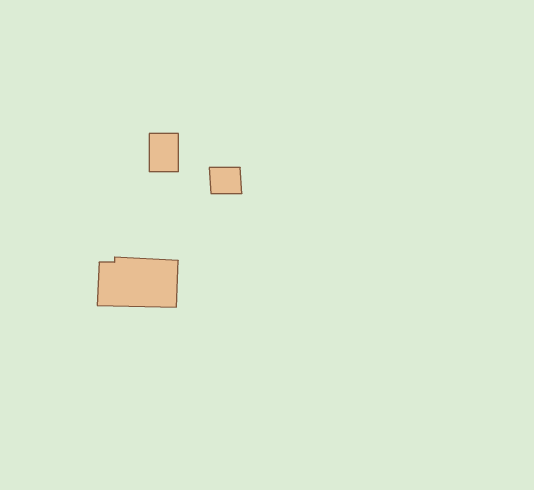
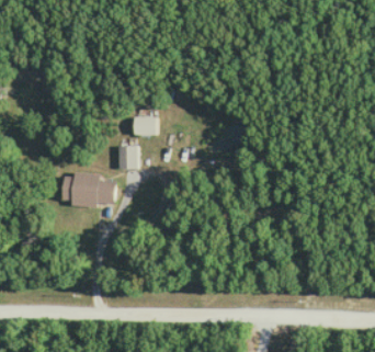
building: [149,134,178,172] -> [118,145,137,169]

